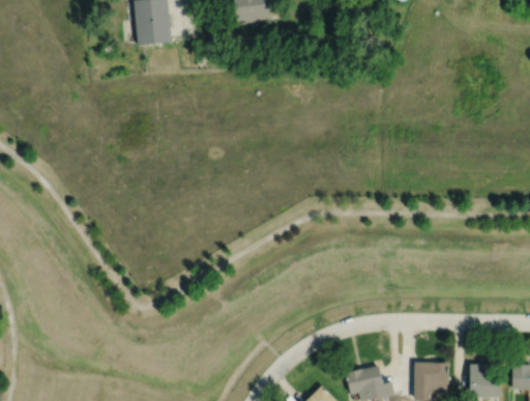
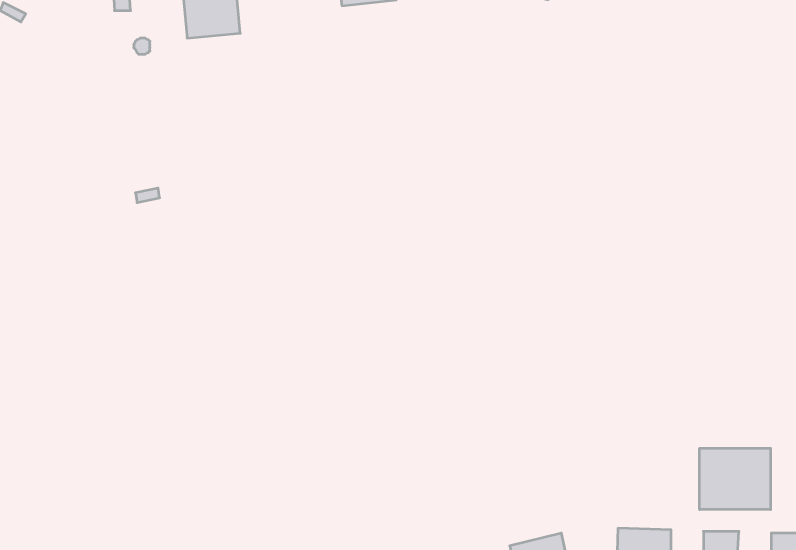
building: none -> [700,448,771,510]

